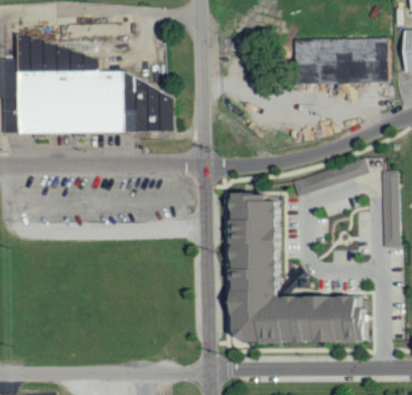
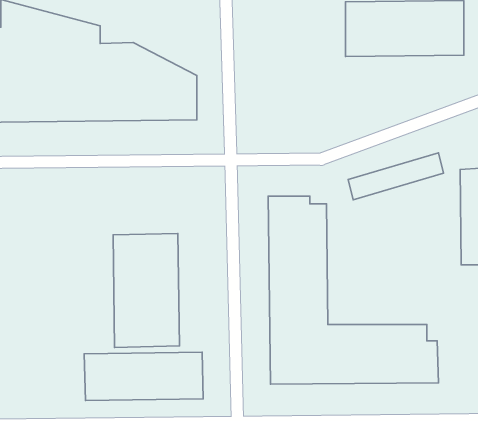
building: none -> [113,233,179,347]
building: none -> [84,352,203,400]

